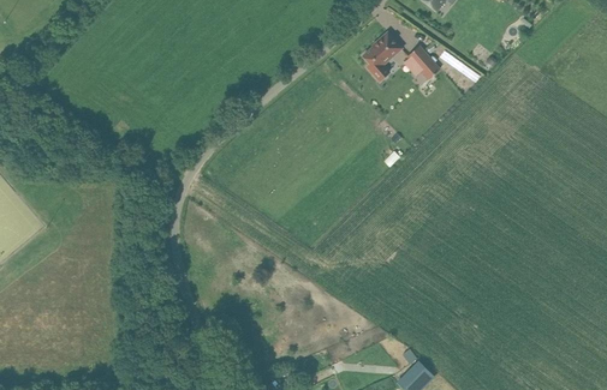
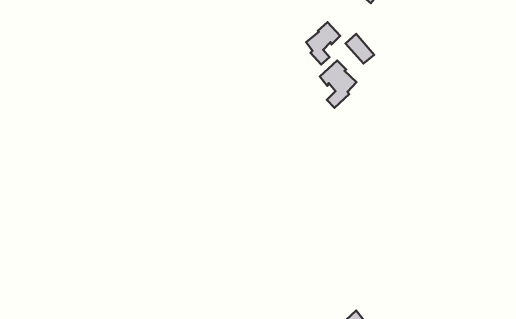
building: none -> [320,60,356,108]

